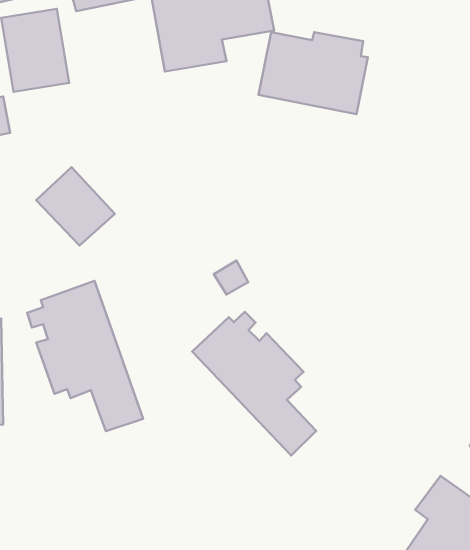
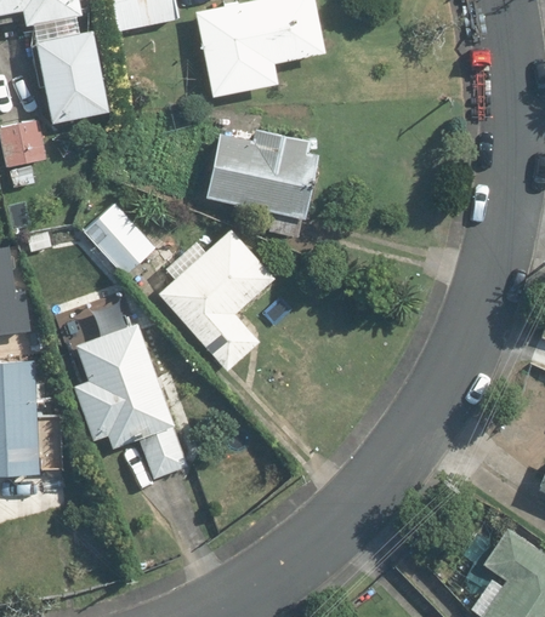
building: [259,32,368,114] -> [201,130,318,217]
building: none -> [154,229,273,371]
building: [192,312,316,456] -> none

